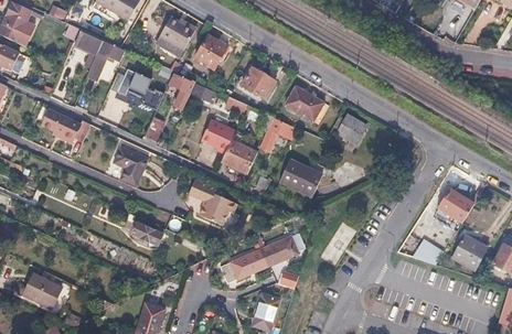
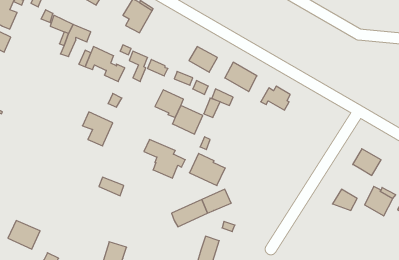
building: [195,34,227,67] -> none
building: [42,109,90,142] -> none
building: [279,158,322,196] -> [189,153,225,186]

